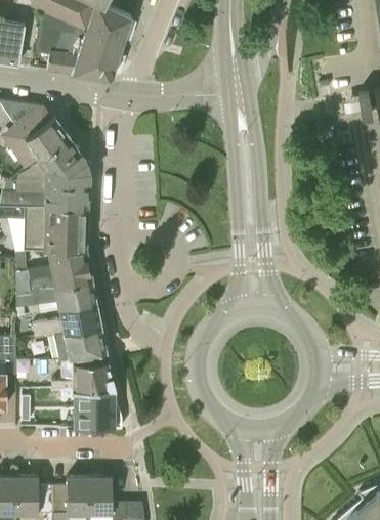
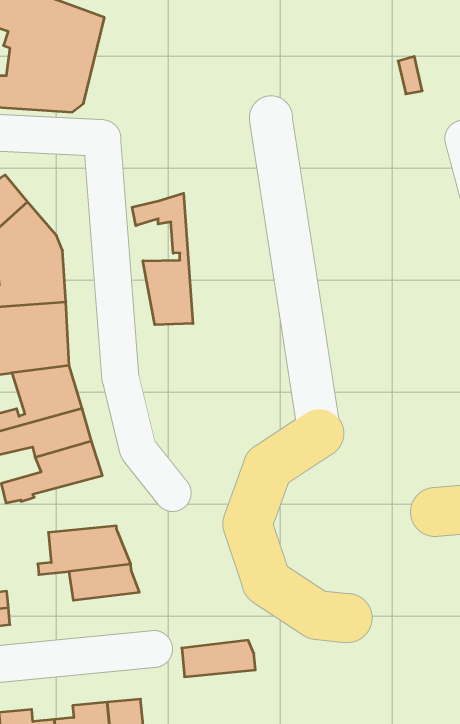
building: none -> [132,193,193,325]
building: [53,327,108,362] -> none
building: [74,407,122,428] -> [182,640,255,677]

